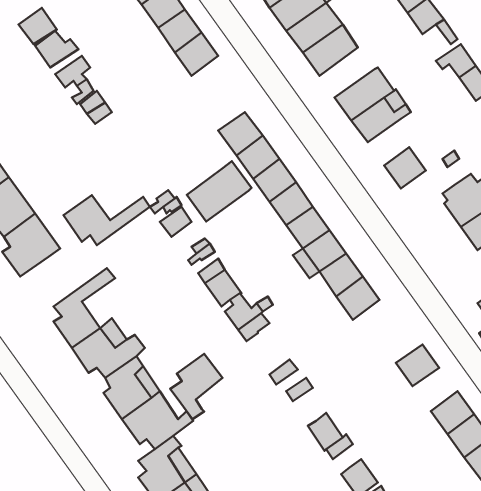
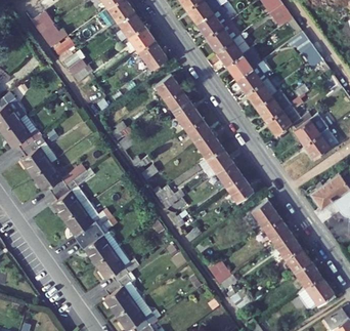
building: none -> [216,35,250,66]
building: none -> [137,40,167,71]
building: none -> [246,79,276,108]
building: [187,161,251,222] -> none
building: none -> [266,106,299,136]
building: [64,195,150,245] -> [32,164,85,195]
building: none -> [251,200,279,230]
building: [170,354,222,419] -> none
building: none -> [273,233,301,259]

